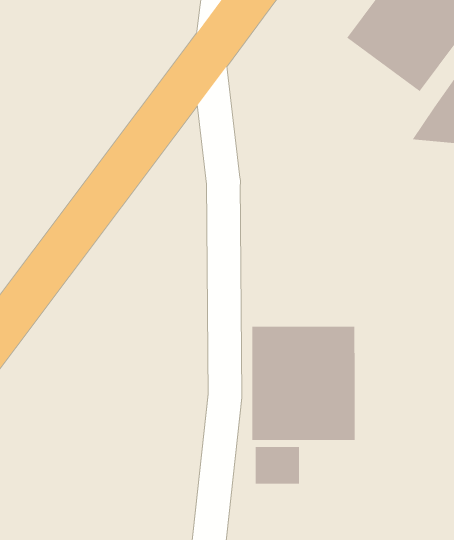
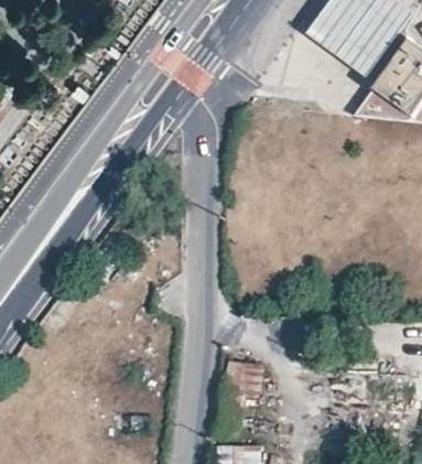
building: [251,326,355,441] -> none

